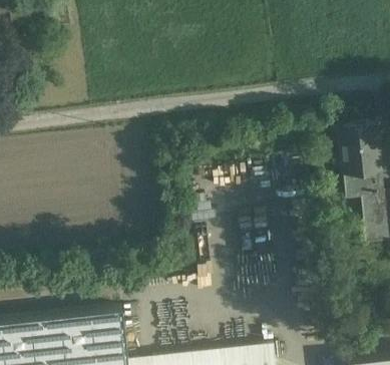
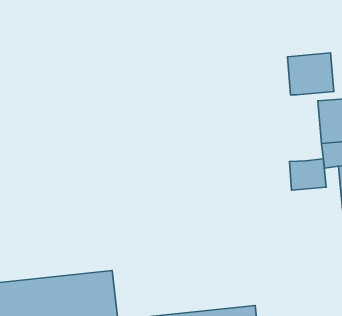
building: none -> [287,53,334,95]
building: none -> [290,159,326,190]

